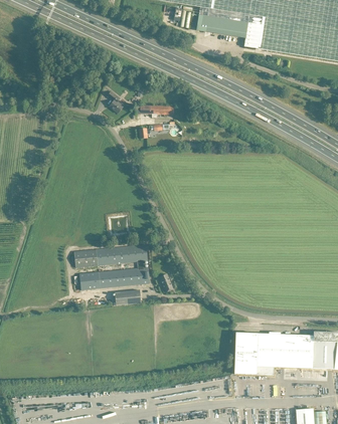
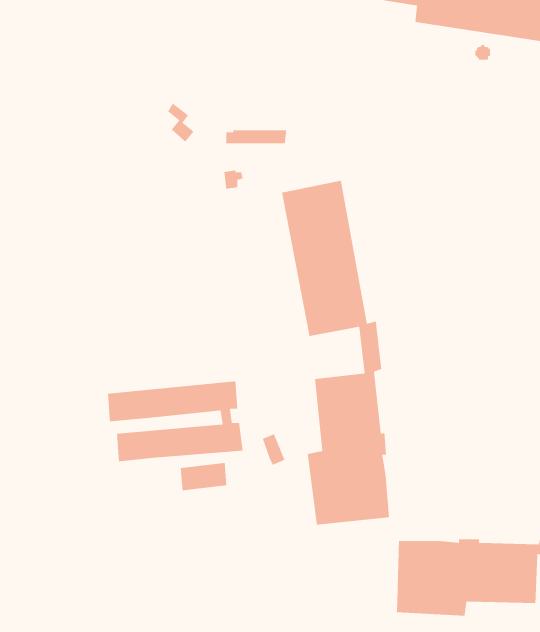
building: none -> [281,180,390,526]

